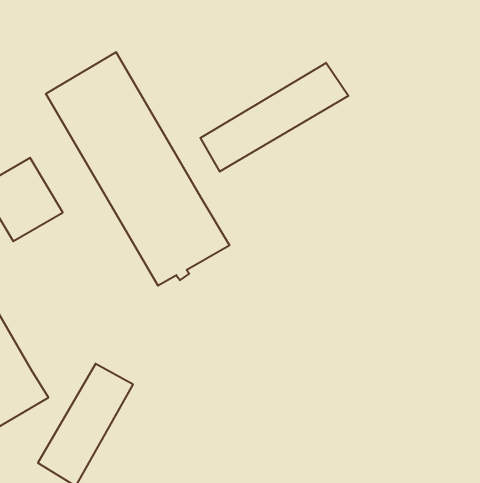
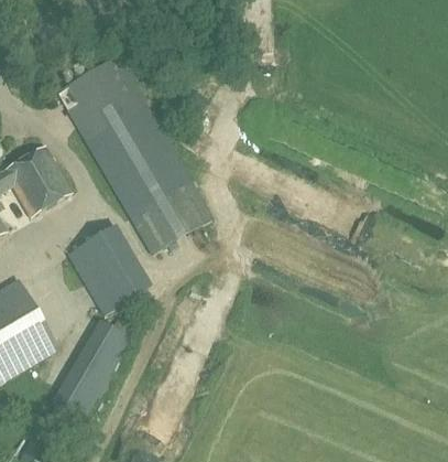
building: [200,63,348,172] -> none
building: none -> [67,224,154,314]

